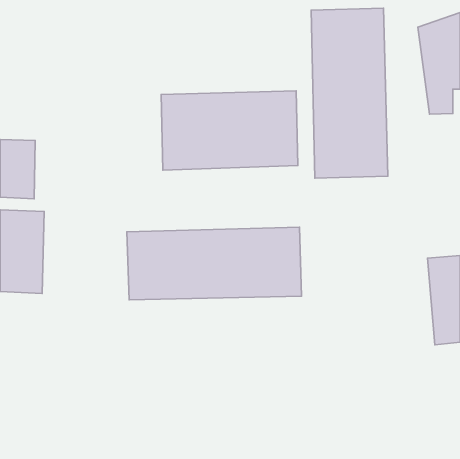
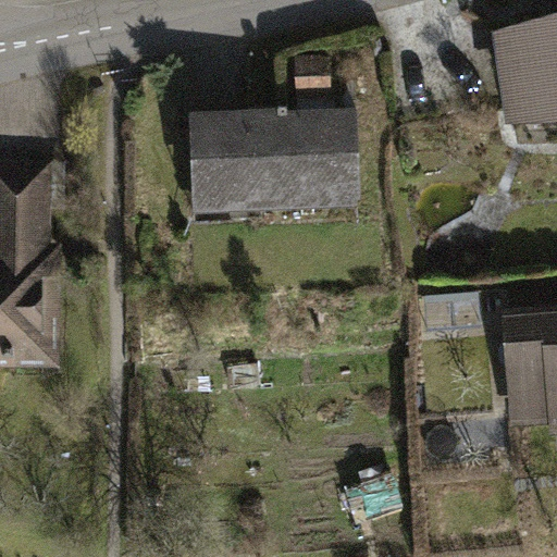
building: [311,8,388,178] -> none
building: [127,227,302,300] -> none

